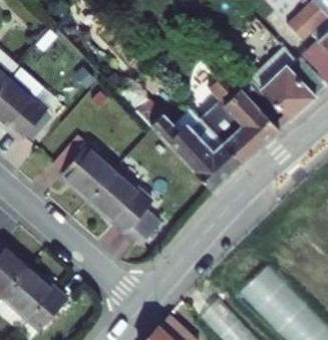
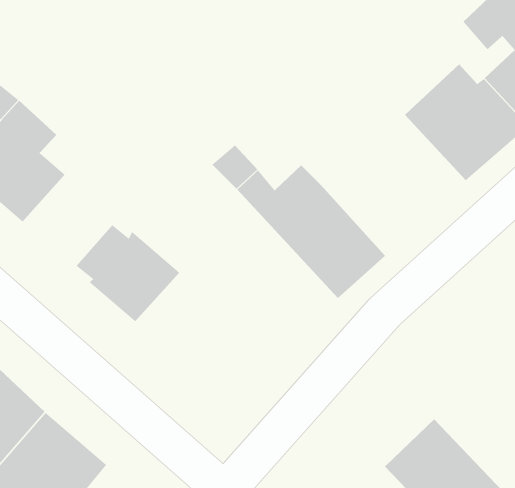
building: [200,73,289,164] -> none
building: [89,175,160,251] -> none

